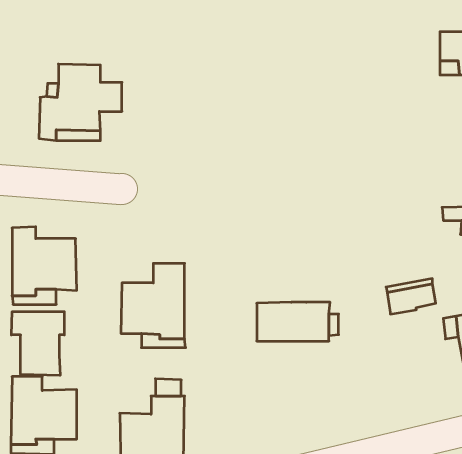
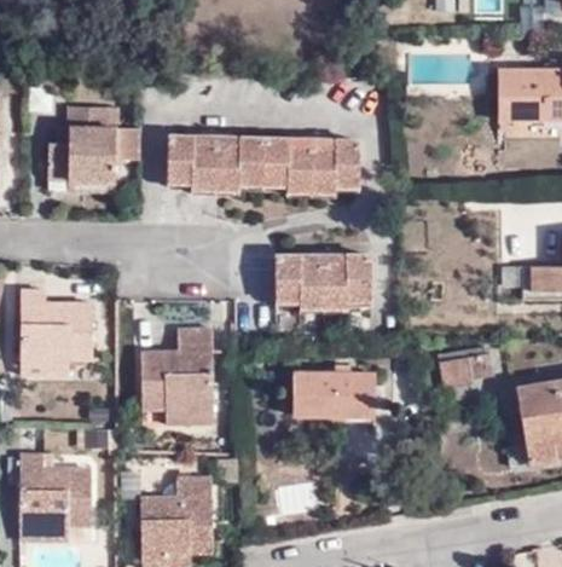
building: none -> [168,137,359,189]
building: none -> [276,255,371,301]
building: [11,312,64,375] -> none

